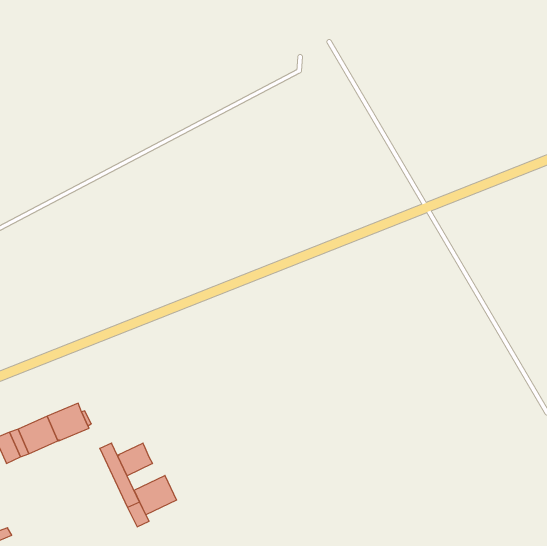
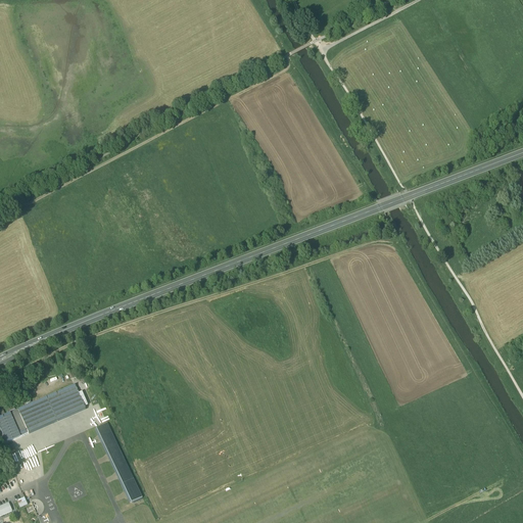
building: [118,443,152,476] -> none
building: [134,475,177,515] -> none

